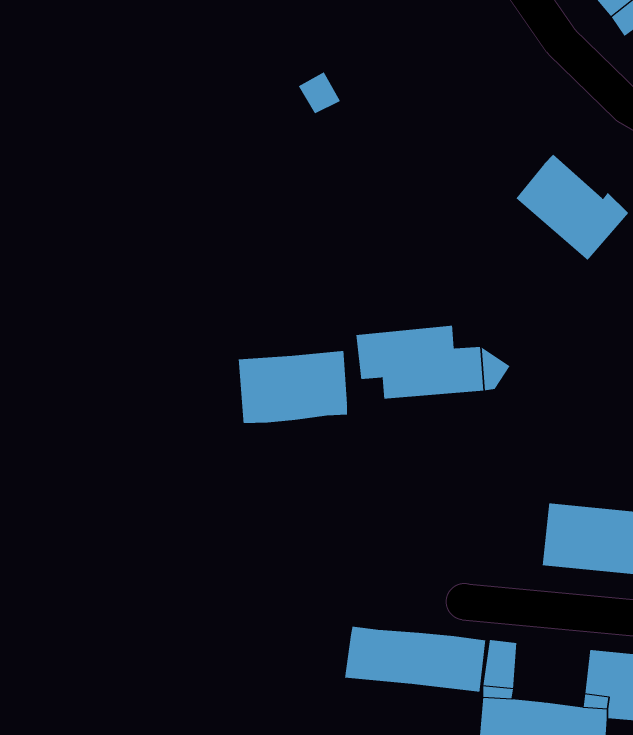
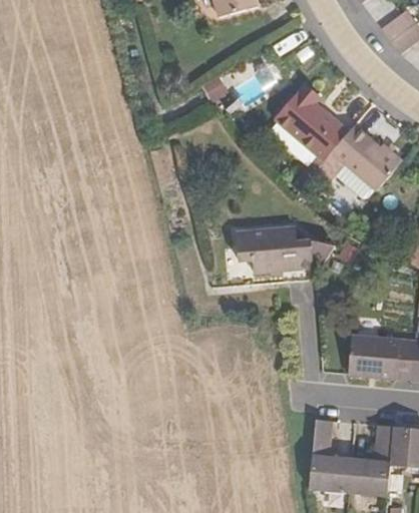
building: none -> [275,81,349,159]
building: [238,350,348,424] -> none
building: [345,626,486,692] -> none

